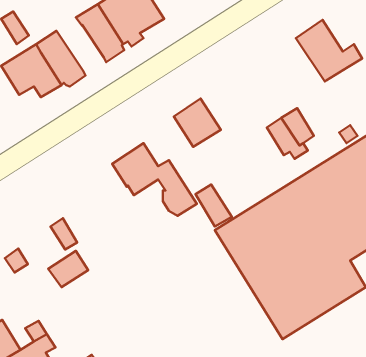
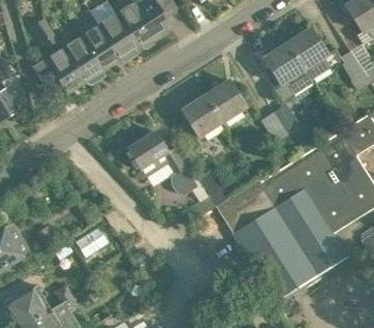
building: none -> [81,24,122,70]
building: none -> [263,42,314,101]
building: none -> [205,80,245,121]

